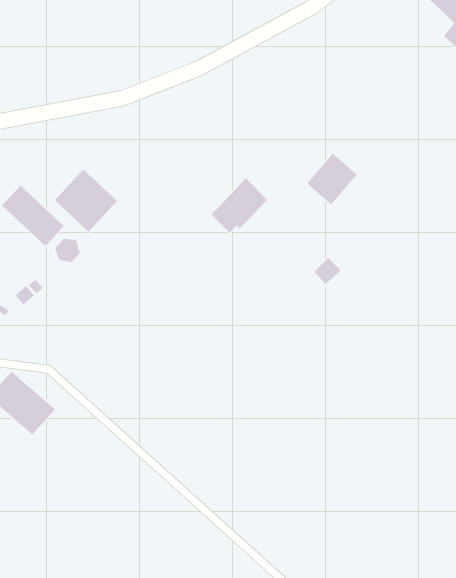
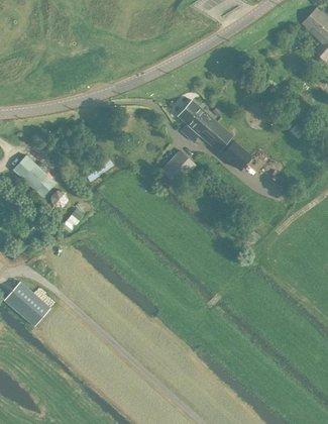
building: none -> [177,99,231,150]
building: [54,168,118,233] -> none

